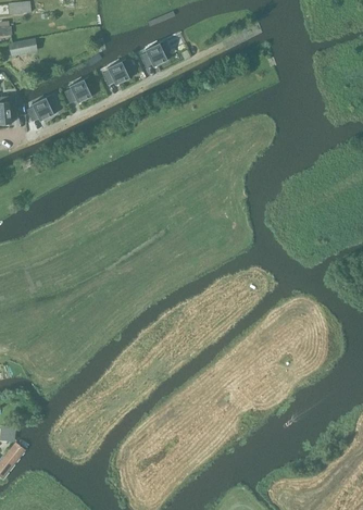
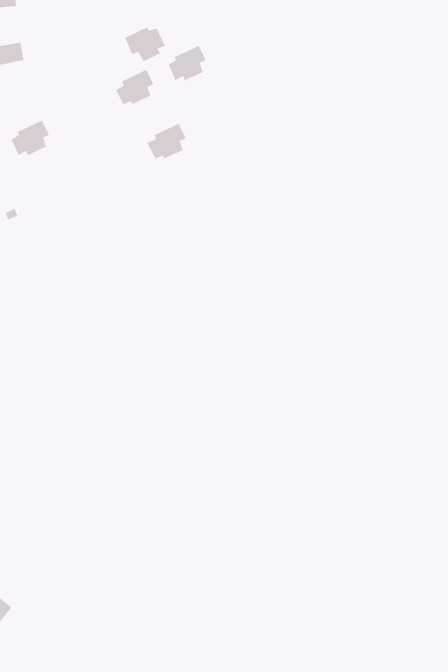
building: none -> [124,26,166,62]
building: [62,77,91,103] -> [146,123,186,159]

